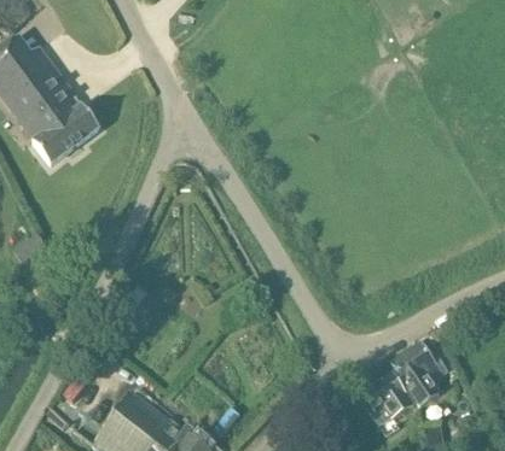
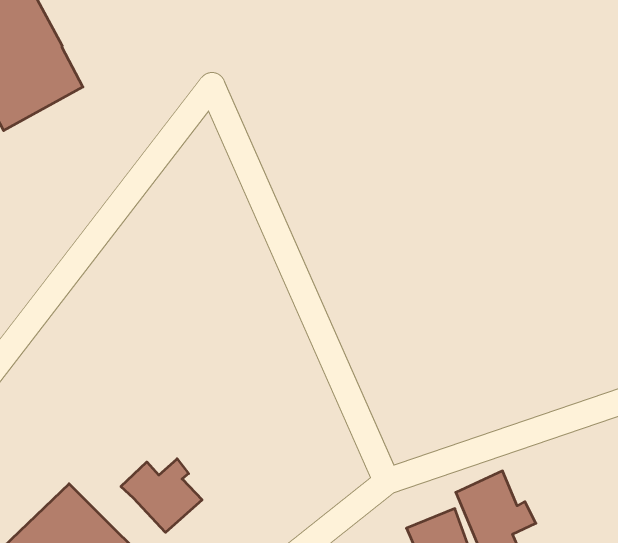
building: none -> [121,459,202,532]

